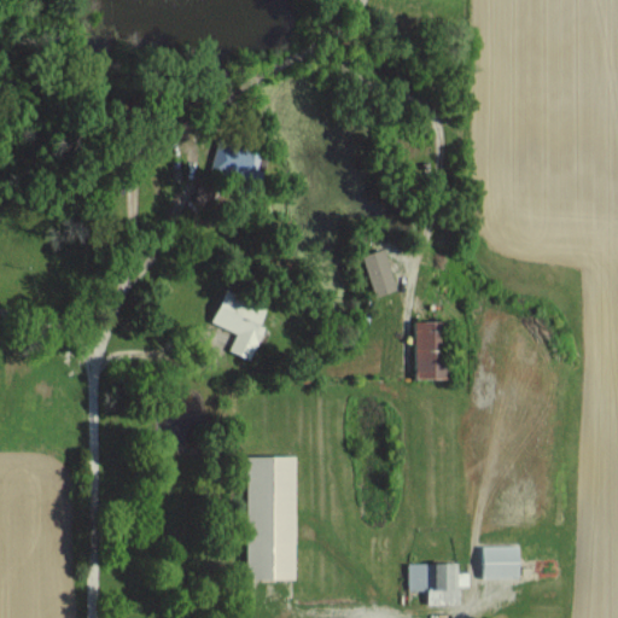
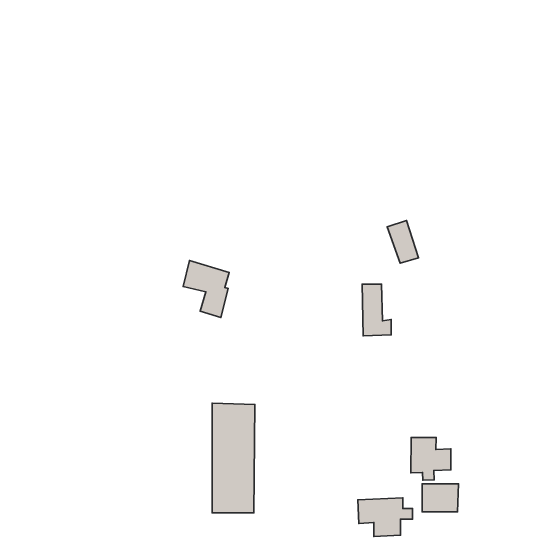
building: [215,148,258,175] -> none
building: [362,249,397,297] -> [387,220,418,263]
building: none -> [411,438,451,480]

